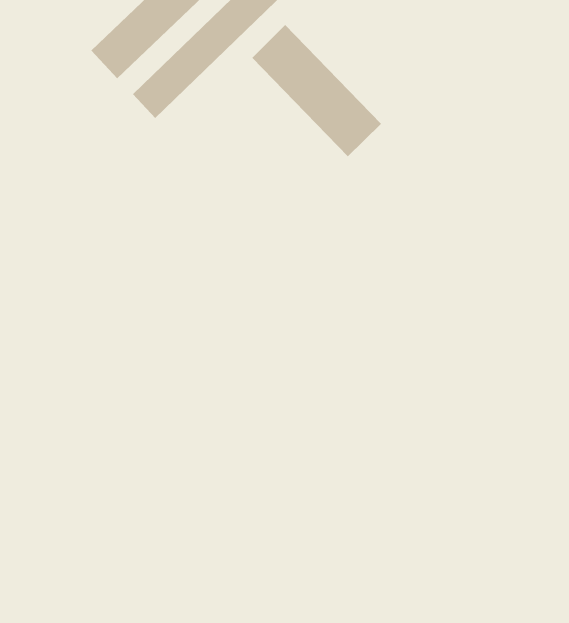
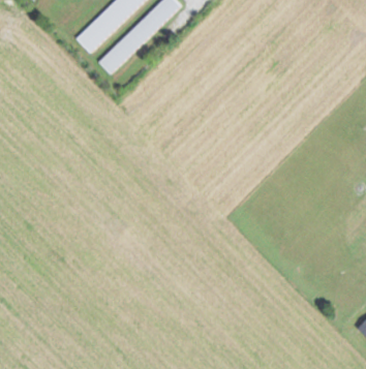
building: [251,24,382,157] -> none

